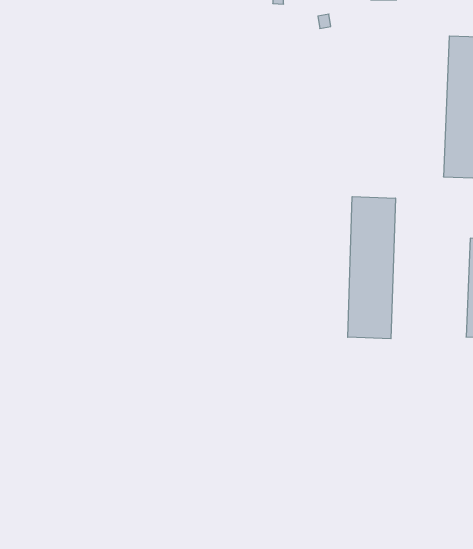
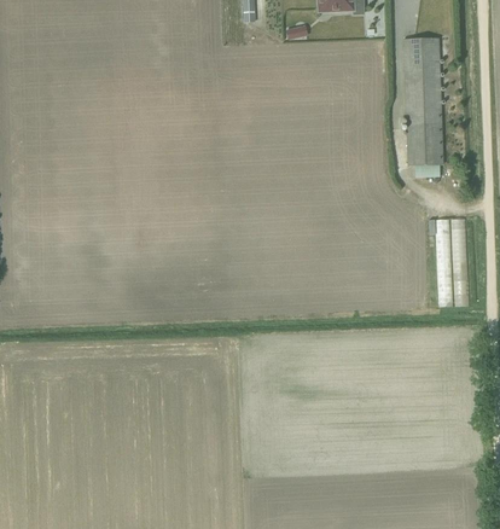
building: [348,197,395,339] -> none

